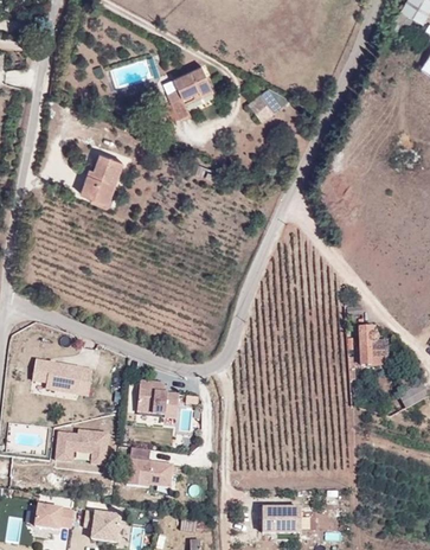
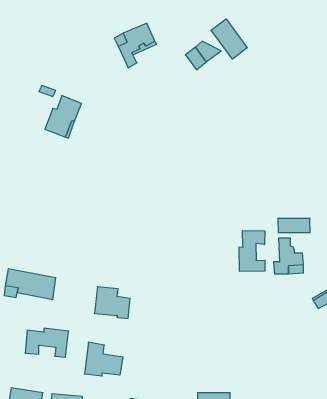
building: none -> [211,19,247,59]
building: none -> [278,218,310,233]
building: none -> [239,231,265,271]

